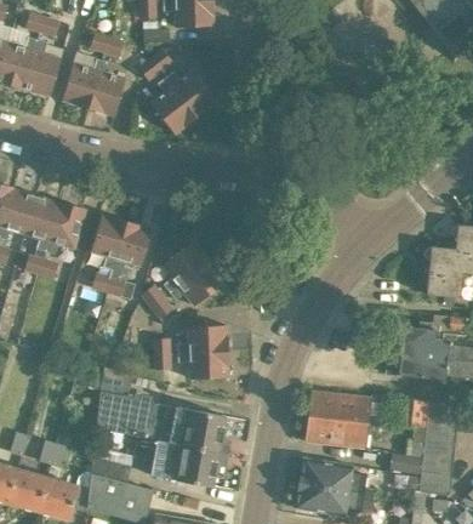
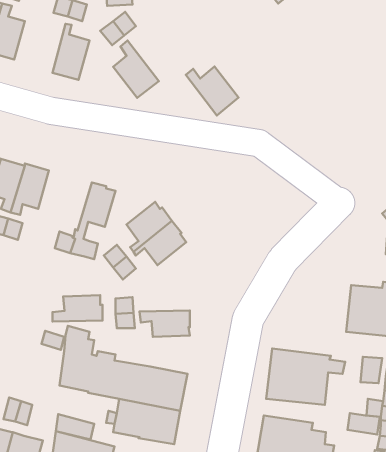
building: [62,58,102,110] -> none
building: [165,69,218,119] -> [186,66,238,115]
building: [92,216,129,270] -> none
building: [177,326,228,353] -> [52,295,103,322]

